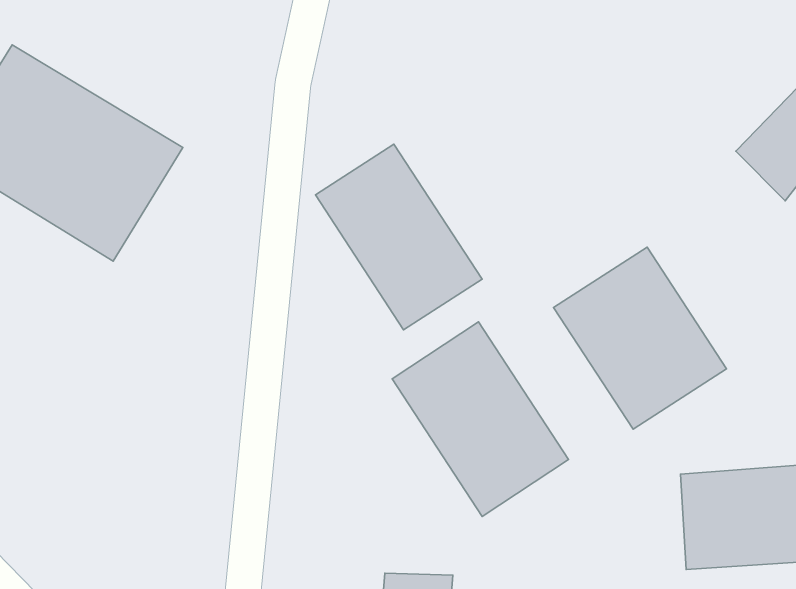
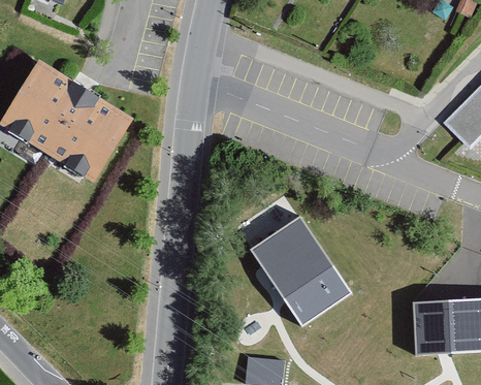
building: [315,144,482,330] -> none
building: [554,247,727,429] -> none

